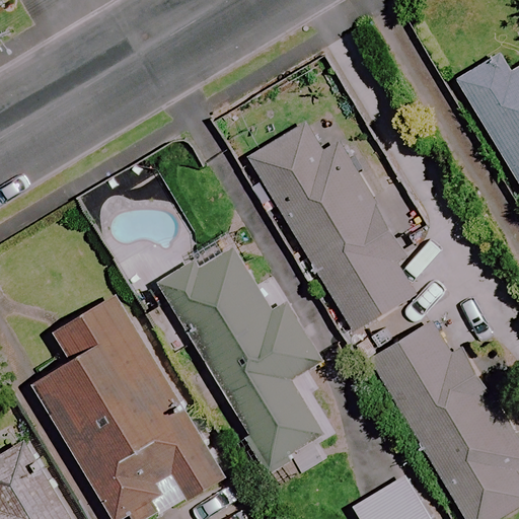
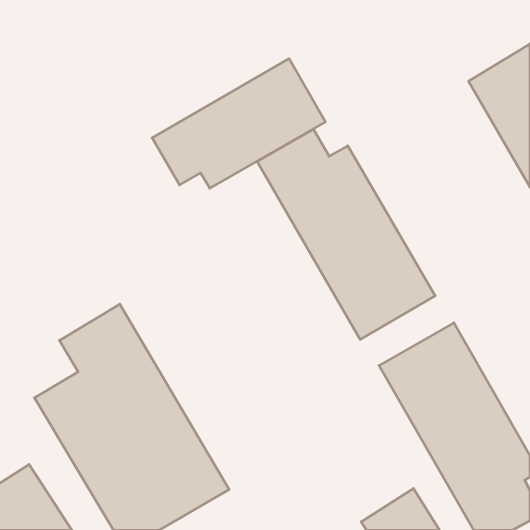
building: none -> [152,59,325,188]
building: [164,250,323,468] -> none

